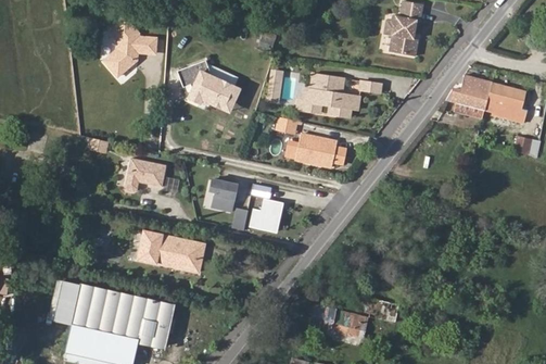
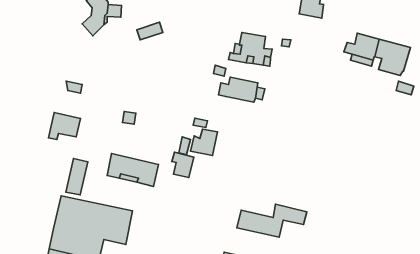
building: [183,74,240,104] -> none
building: [122,156,163,191] -> [48,112,80,139]
building: [209,178,238,211] -> [172,152,194,178]
building: [53,280,81,327] -> [66,159,88,195]

